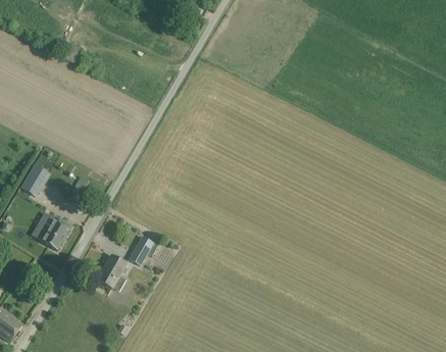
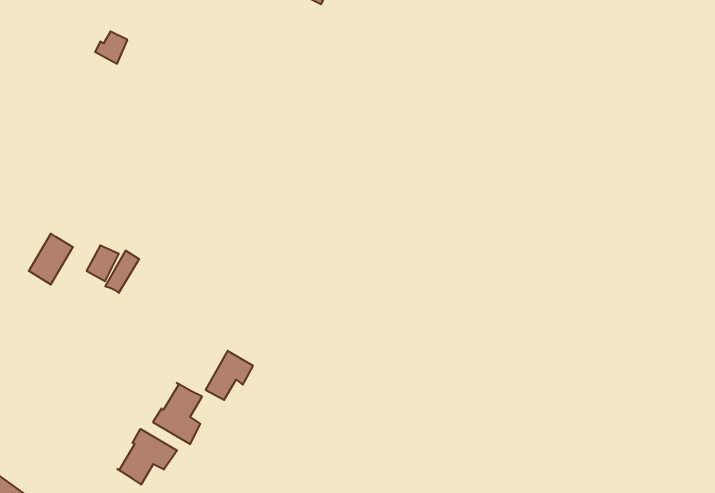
building: [41,216,72,251] -> none
building: none -> [117,429,177,485]

